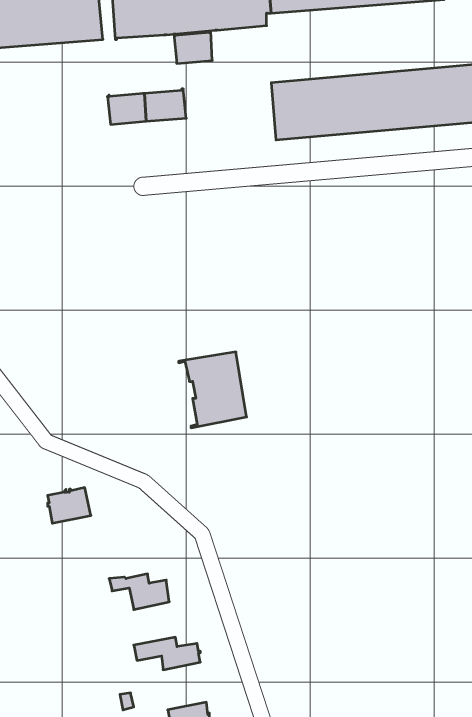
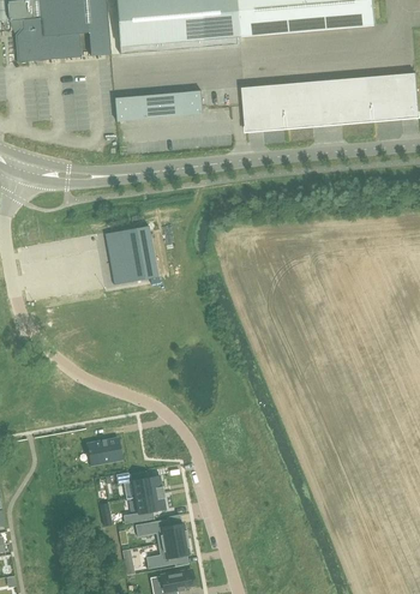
building: [174,31,212,63] -> [173,90,203,115]
building: [179,352,247,428] -> [104,226,157,284]
building: [48,488,91,523] -> [88,437,121,464]
building: none -> [122,491,166,523]
building: none -> [145,538,188,568]

